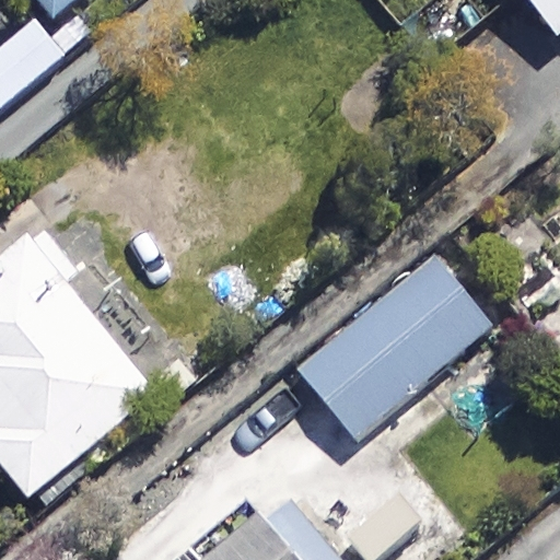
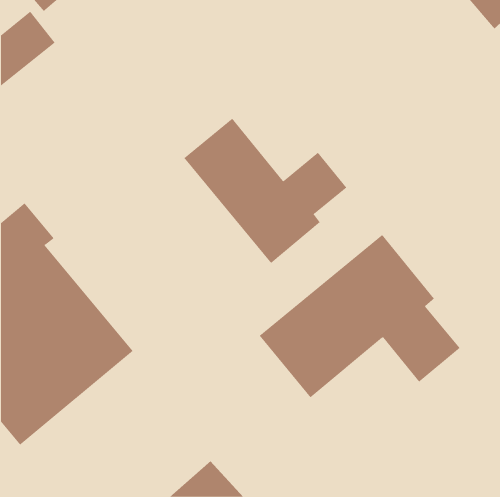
building: none -> [184,118,347,264]

